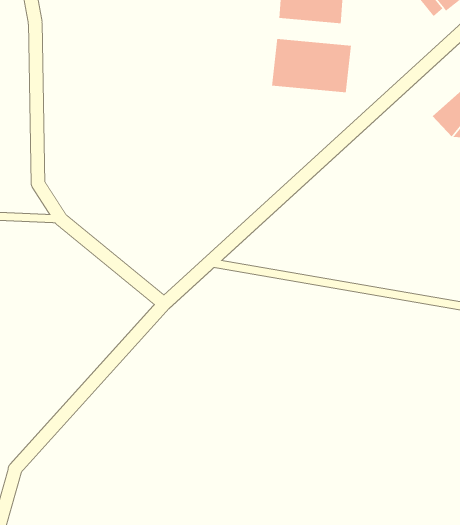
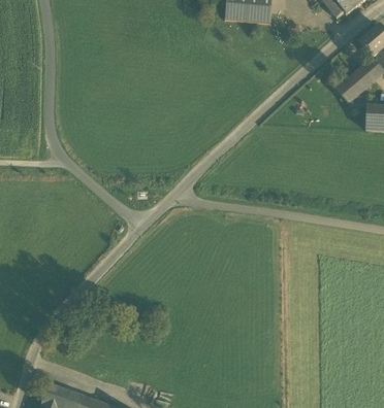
building: [271,38,352,93] -> none

